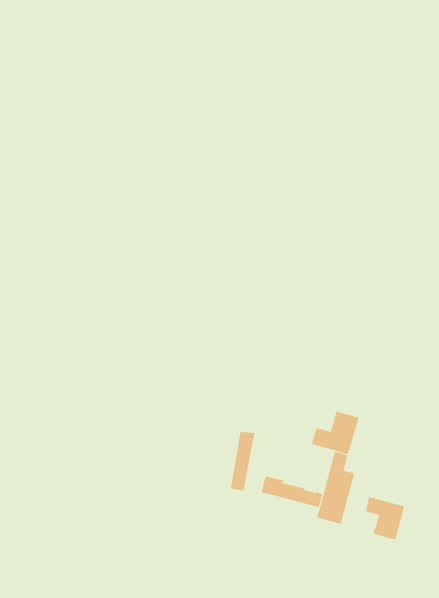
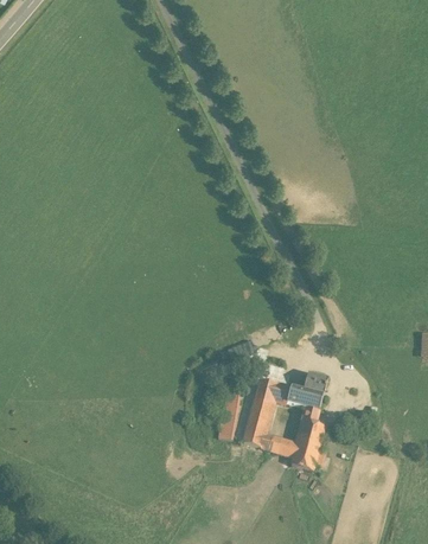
building: none -> [249,378,293,431]
building: [365,496,405,540] -> none

